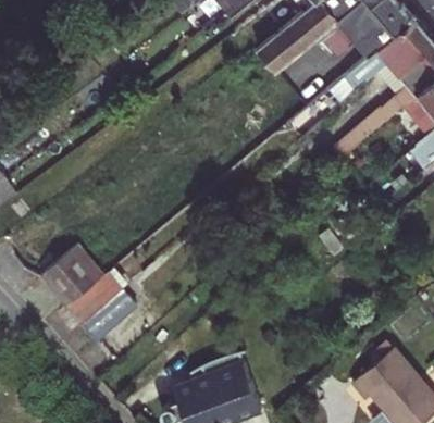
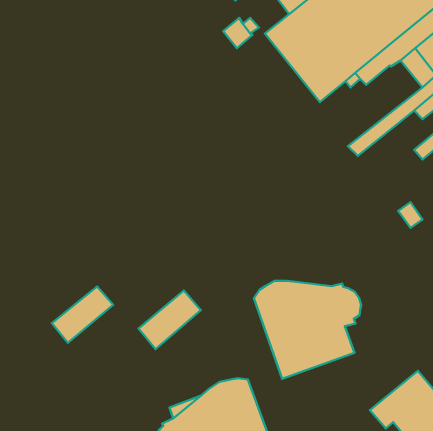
building: [42,244,104,306] -> none
building: none -> [254,281,361,379]
building: [83,289,138,341] -> [139,290,201,349]

